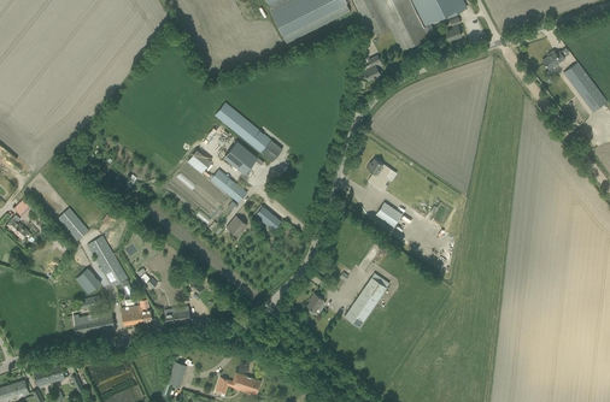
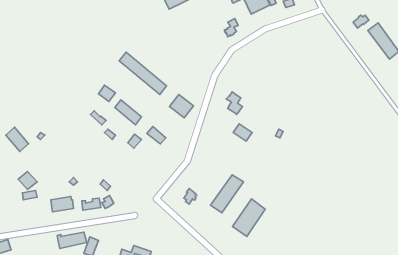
building: [225,141,259,173] -> [169,94,194,118]
building: [87,235,128,286] -> none
building: none -> [232,199,265,237]
building: [74,311,115,333] -> [57,232,87,248]

